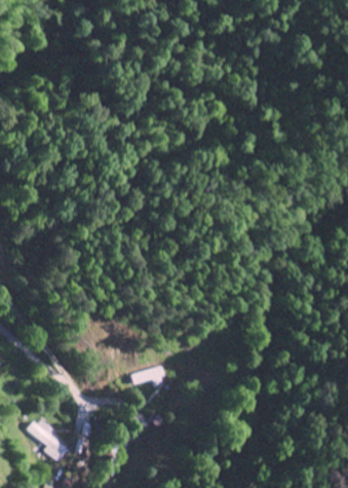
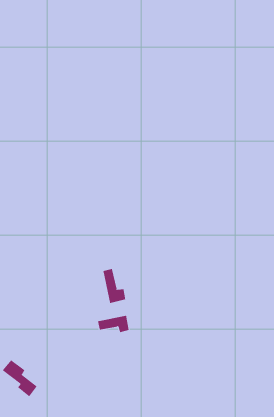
building: none -> [103,268,126,304]

